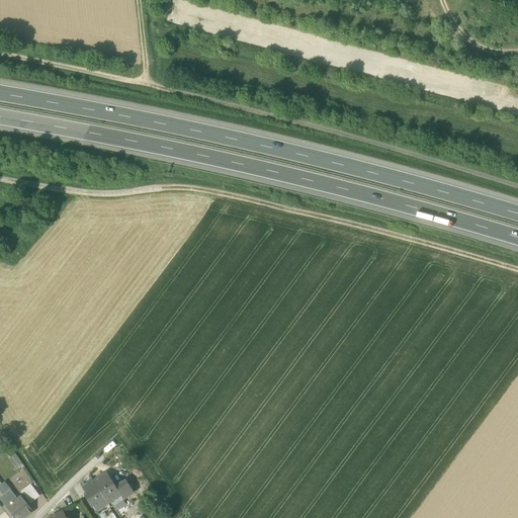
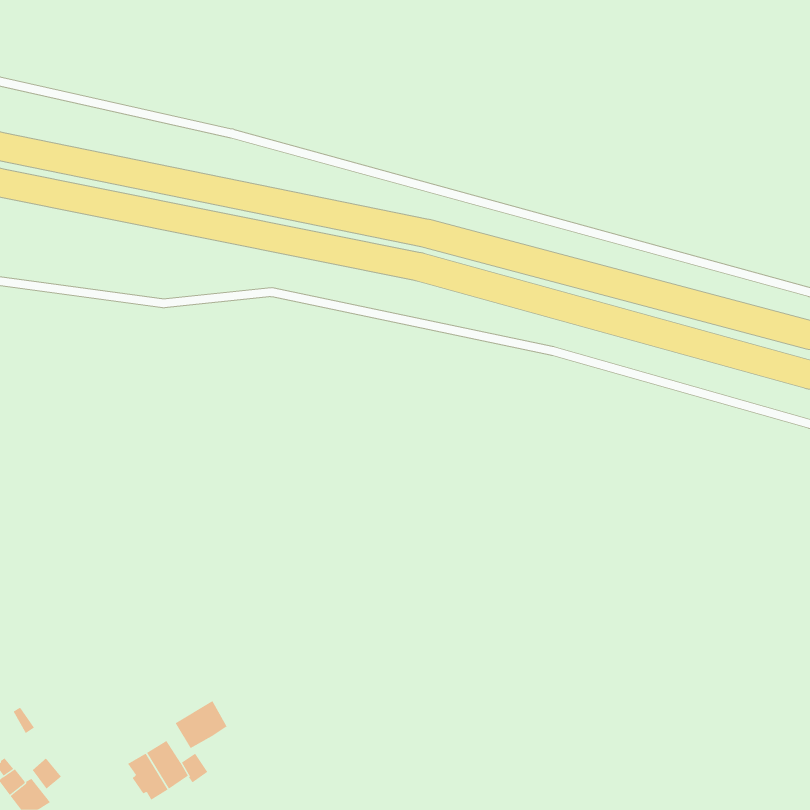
building: none -> [175,700,228,749]

